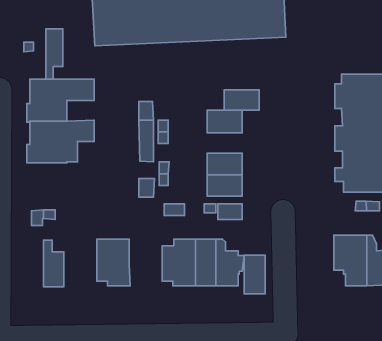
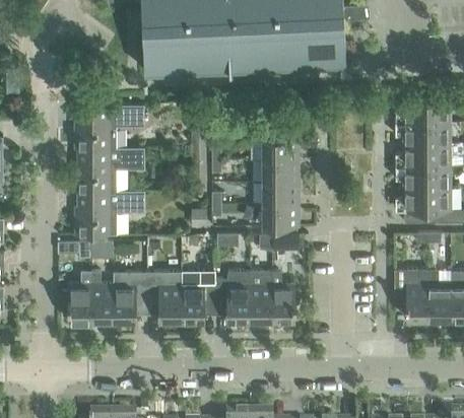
building: [46,29,63,79] -> none
building: [224,90,259,110] -> [262,159,299,181]
building: none -> [75,190,144,234]
building: none -> [113,270,147,320]
building: none -> [181,270,215,319]
building: none -> [62,275,91,320]
building: [244,255,265,294] -> none

